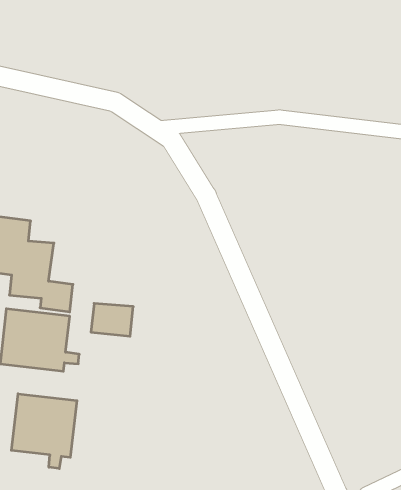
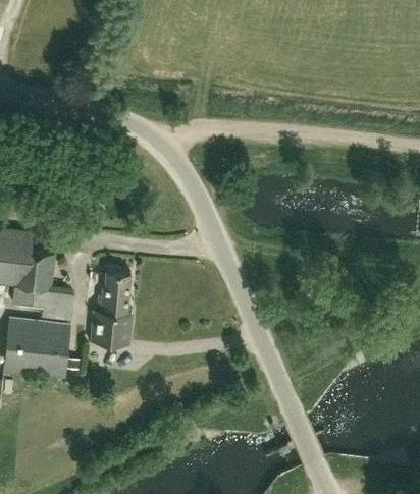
building: none -> [94,270,132,314]
building: [11,394,77,469] -> none

